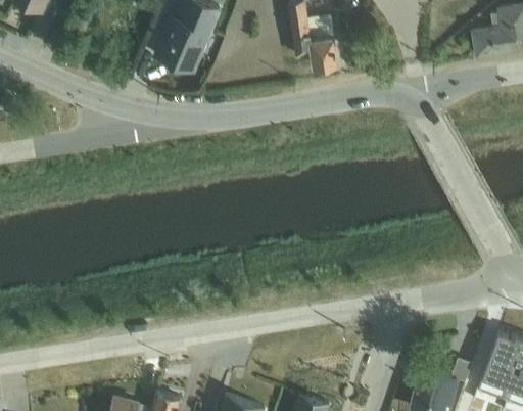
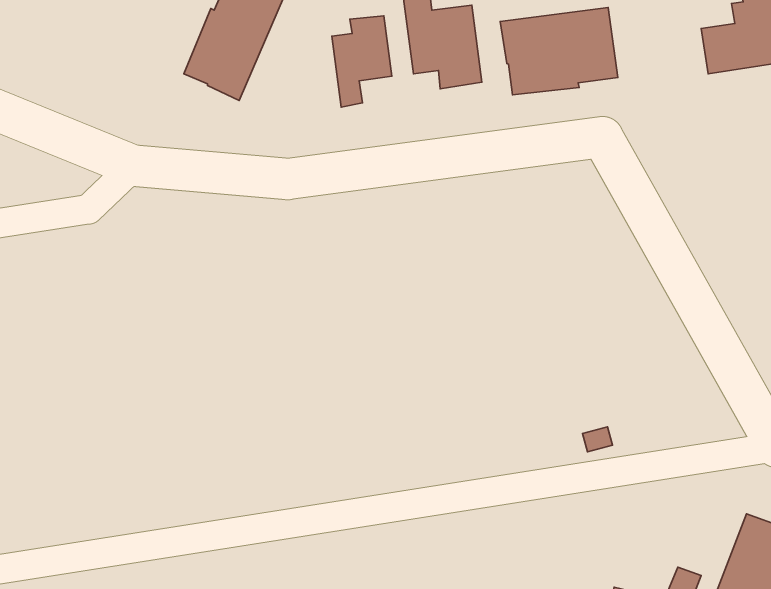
building: none -> [500,7,618,95]
building: none -> [332,16,392,107]

